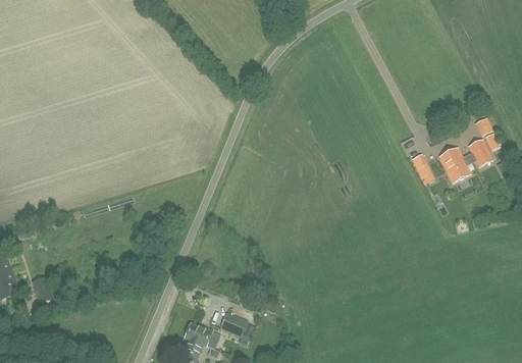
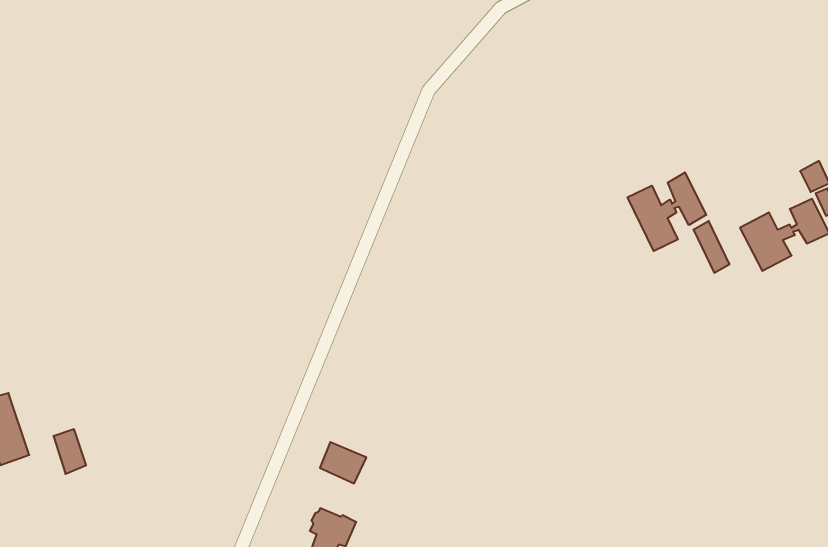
building: none -> [628,172,706,251]
building: [220,311,248,335] -> [320,442,366,483]

